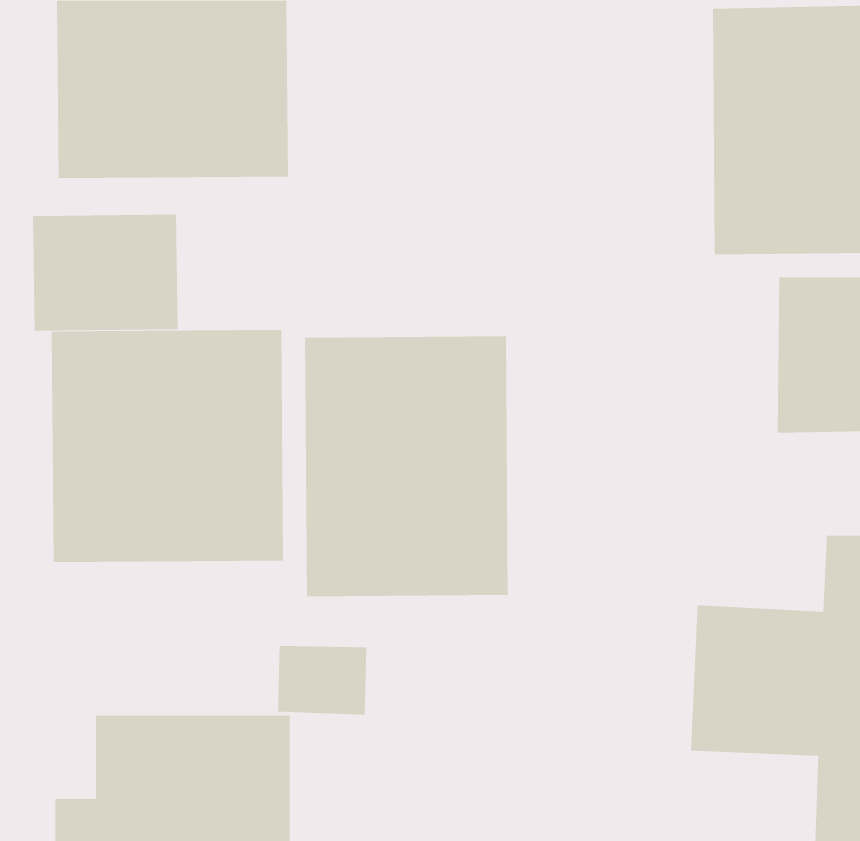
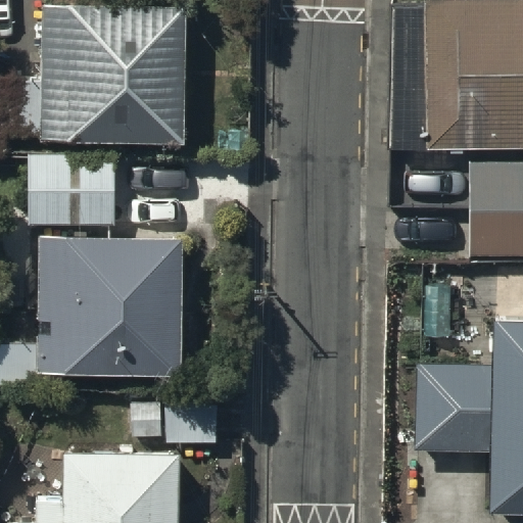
building: [304,336,508,597] -> none

